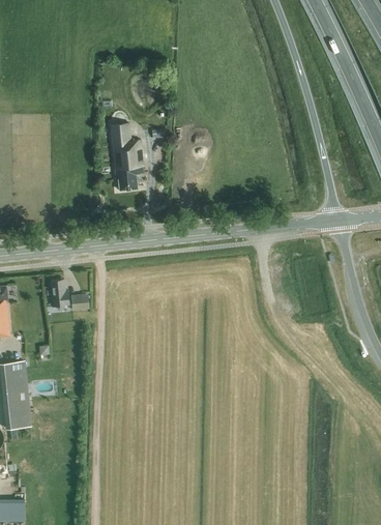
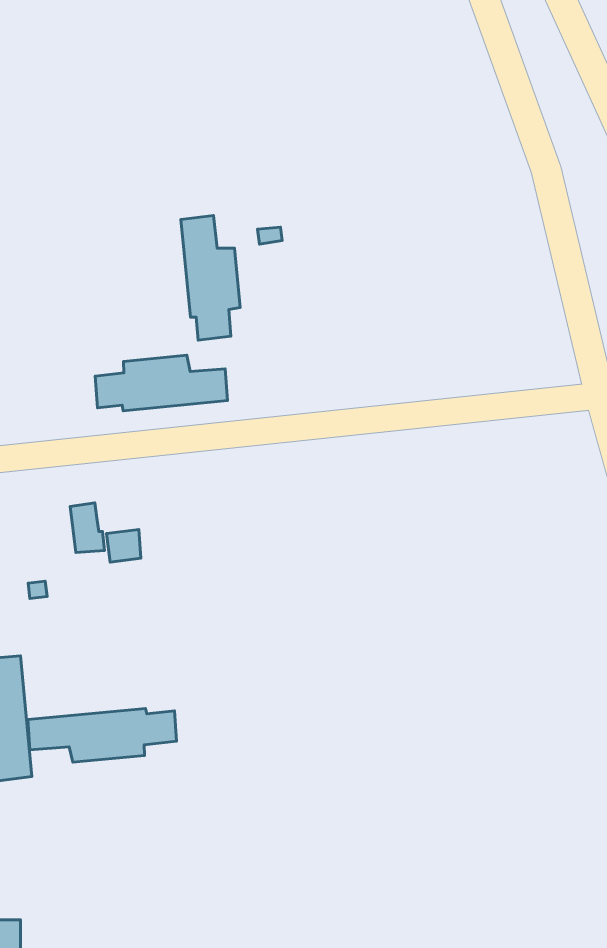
building: none -> [95,355,228,411]
building: none -> [28,709,176,762]

